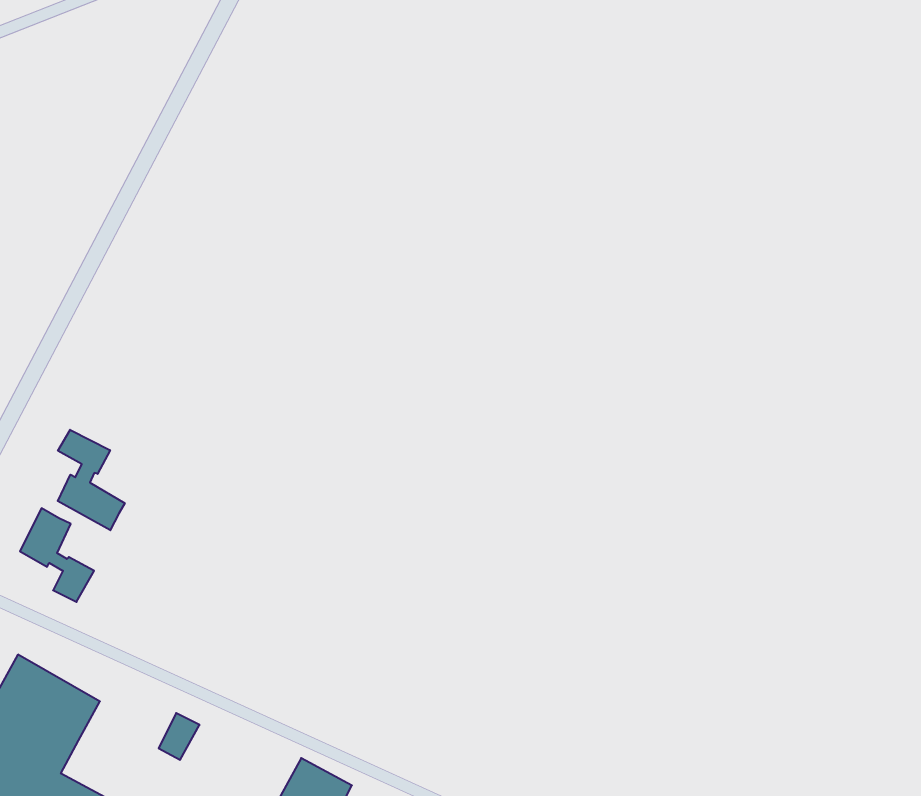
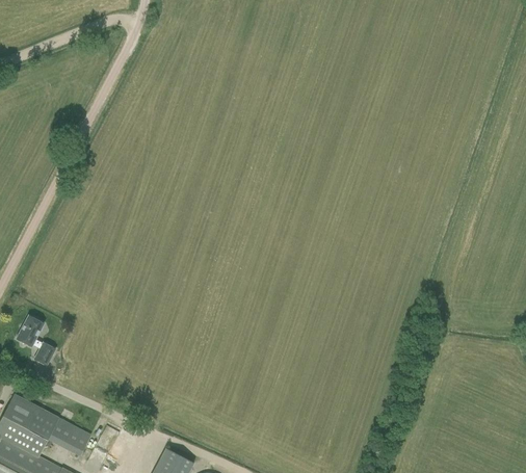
building: [58,430,125,530] -> none
building: none -> [48,418,90,455]

